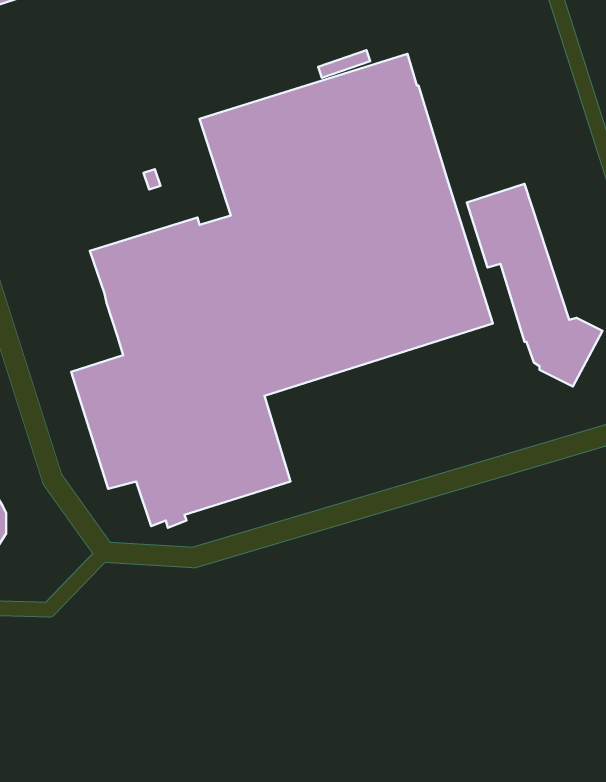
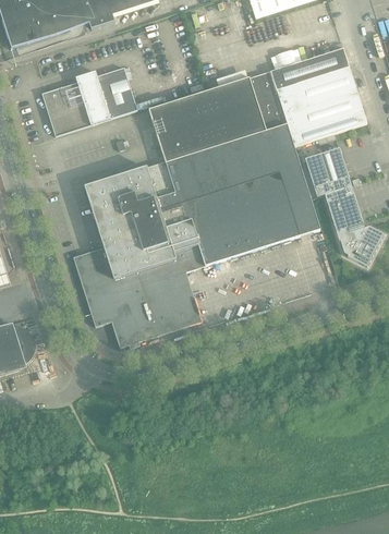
building: none -> [270,47,367,145]
building: none -> [42,66,137,134]

